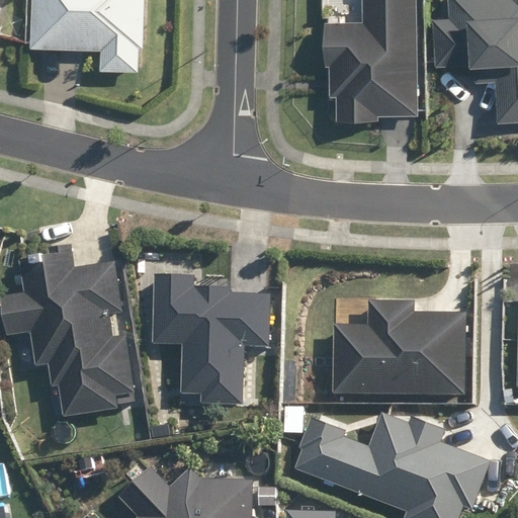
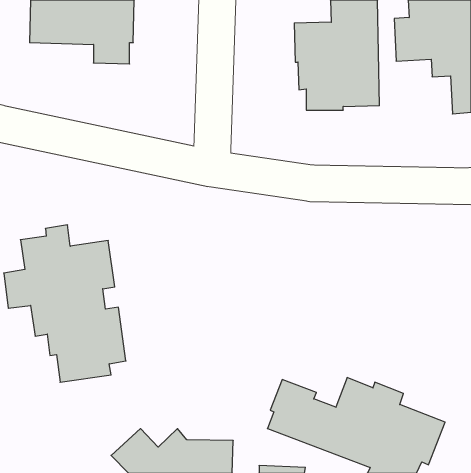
building: [155,275,273,407] -> none
building: [331,300,463,394] -> none

